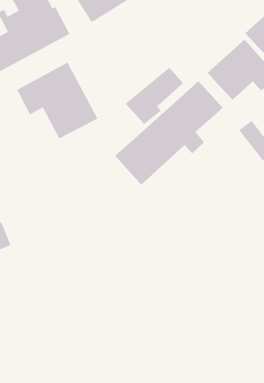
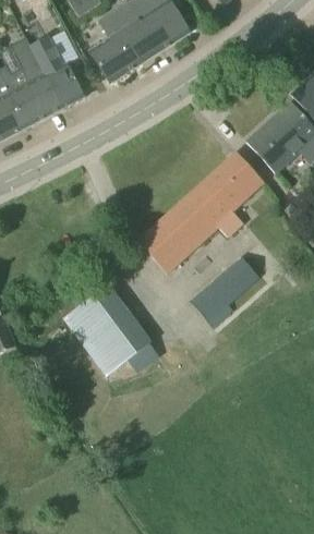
building: [16,62,99,139] -> none
building: [125,67,184,125] -> [189,256,258,325]
building: none -> [63,284,159,375]

